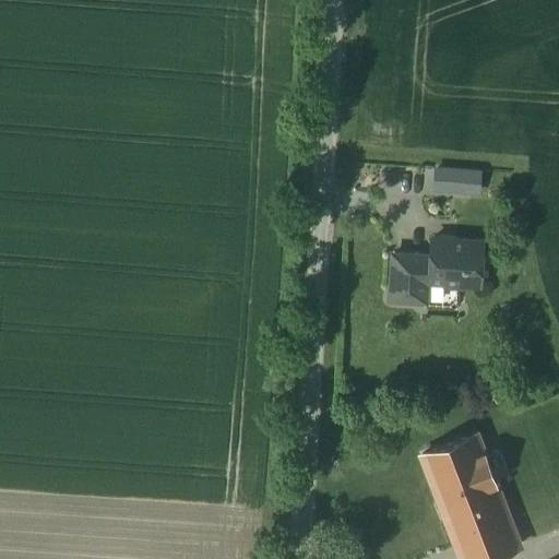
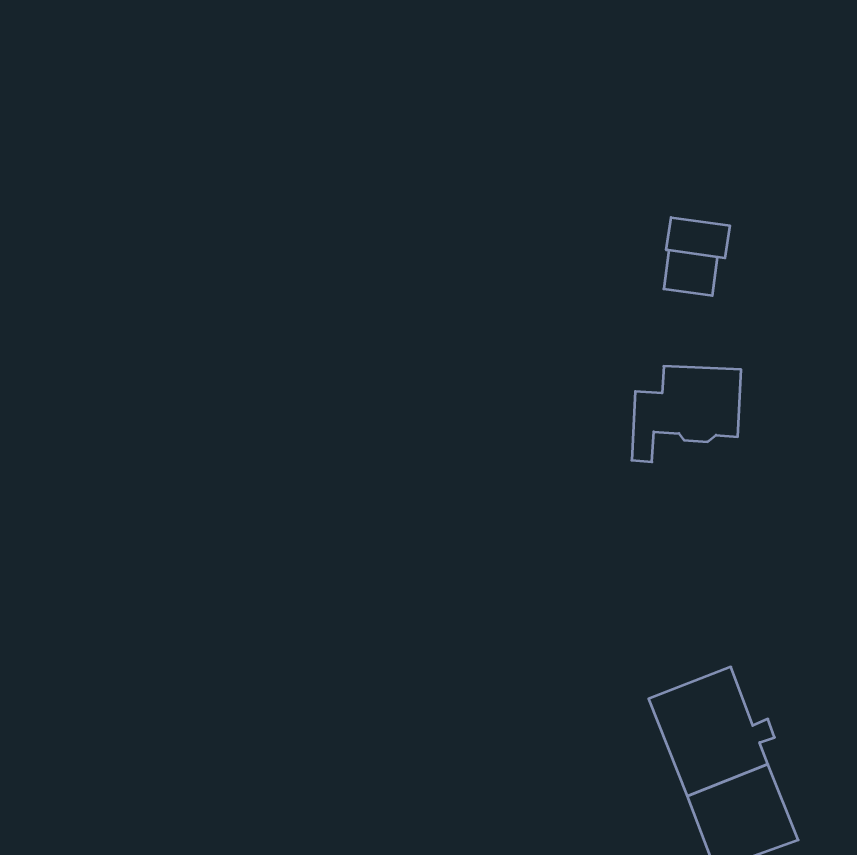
building: none -> [666,217,730,258]
building: [392,255,414,301] -> none

